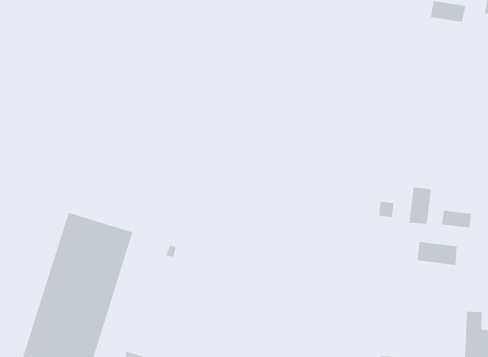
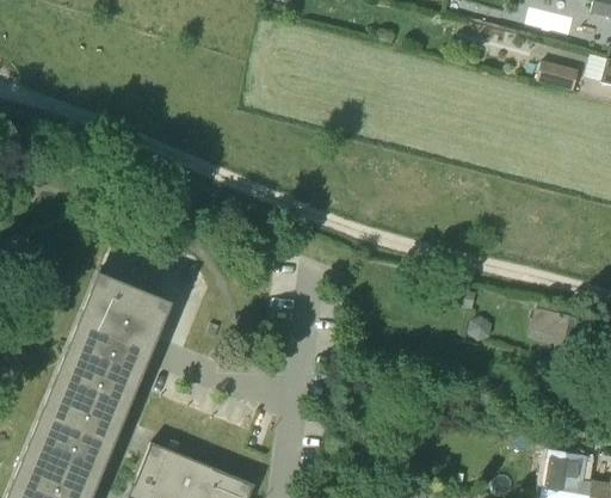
building: [409,186,431,225] -> none
building: [417,241,457,266] -> none

